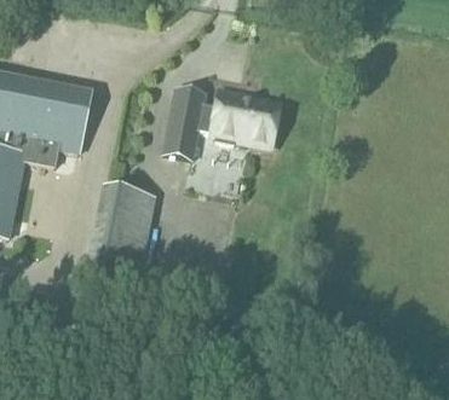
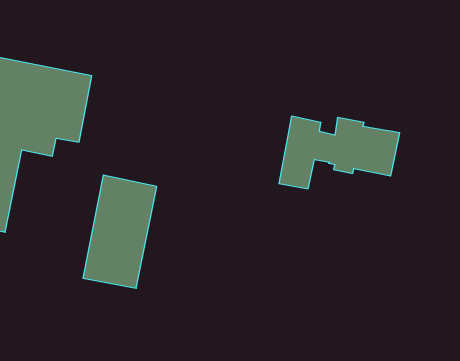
building: [163,86,278,155] -> [279,116,400,189]

